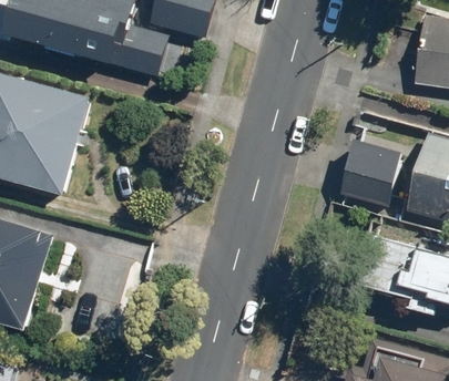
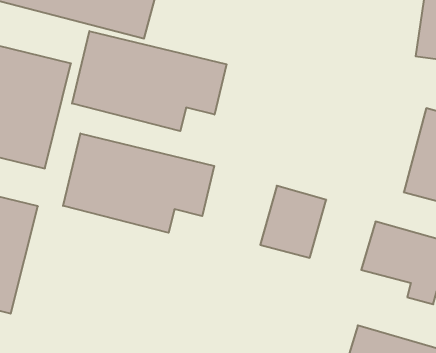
building: none -> [72,31,227,131]
building: [337,142,399,209] -> [260,186,326,258]
building: none -> [63,133,214,233]

